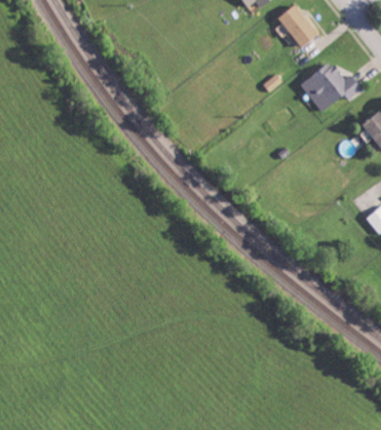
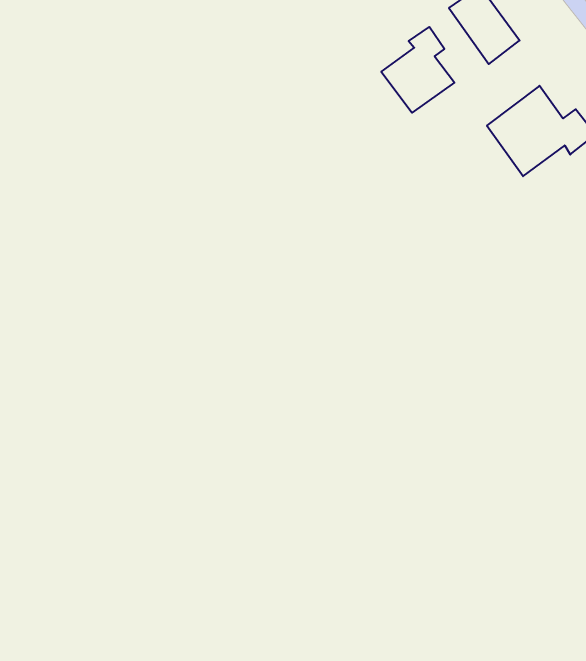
building: none -> [381,27,454,113]

